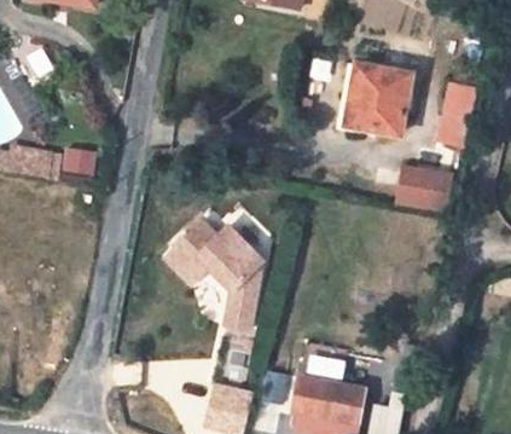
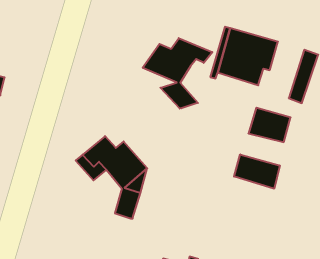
building: none -> [143,38,212,109]
building: none -> [234,154,280,189]

